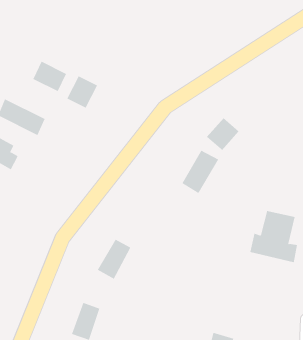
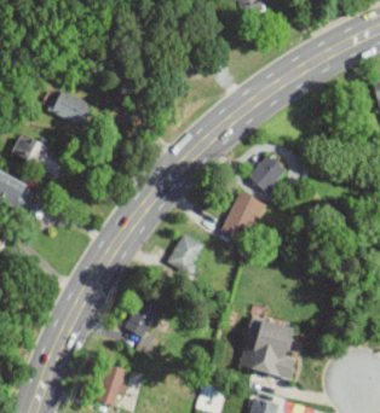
building: [66,76,98,109] -> none
building: none -> [166,233,206,274]
building: [249,210,298,263] -> [241,319,295,378]

